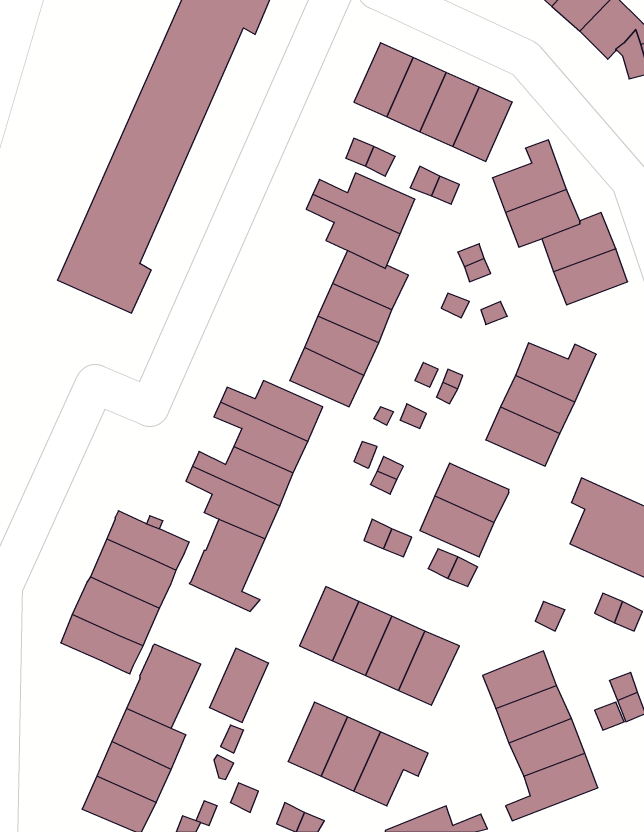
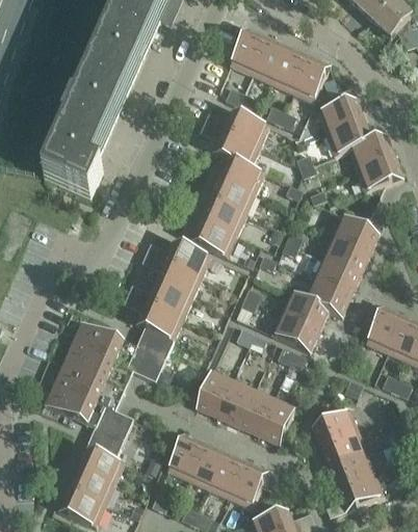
building: none -> [304,277,350,316]
building: [209,648,269,722] -> [167,433,205,480]

